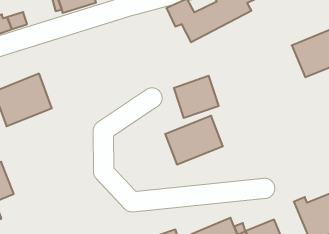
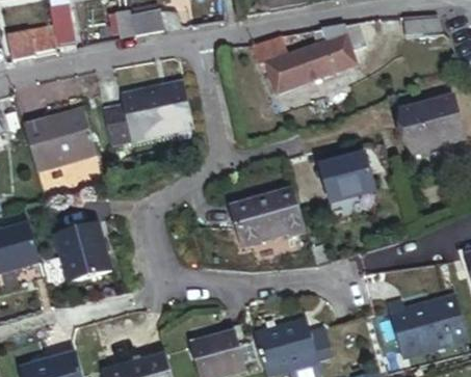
building: none -> [103,79,195,142]
building: [174,76,219,118] -> [319,155,373,204]
building: none -> [53,220,109,279]

